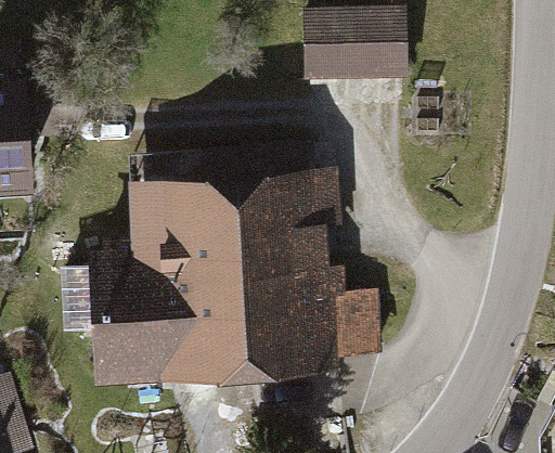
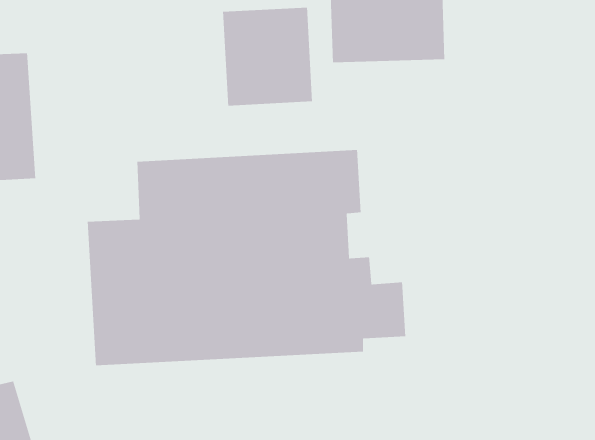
building: none -> [222,7,313,106]

